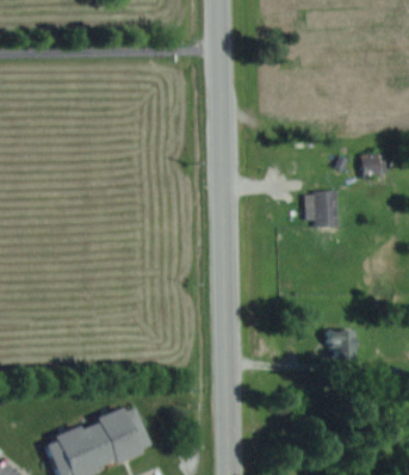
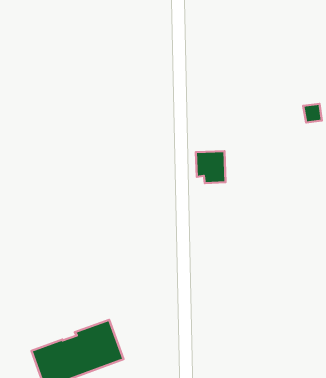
building: [303,191,337,228] -> [196,151,226,183]
building: [323,331,355,358] -> none

